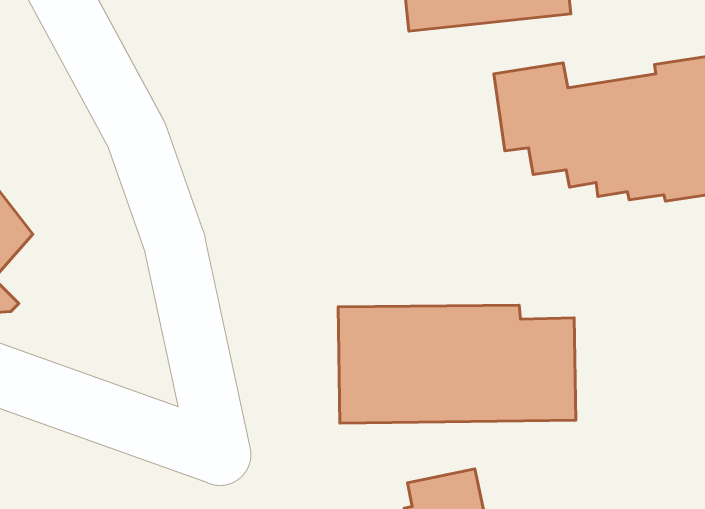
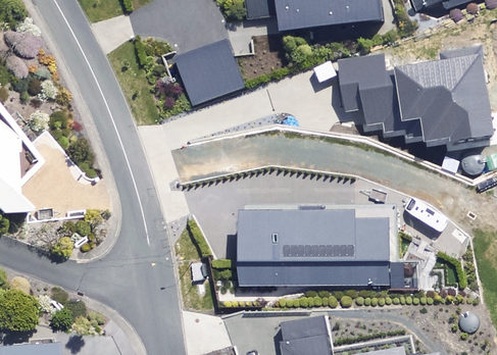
building: none -> [179,43,244,106]

